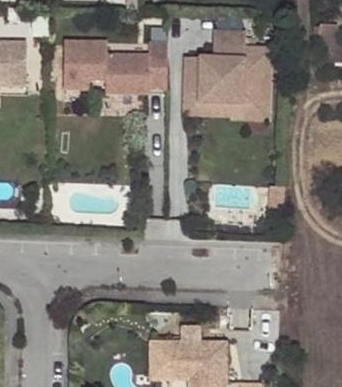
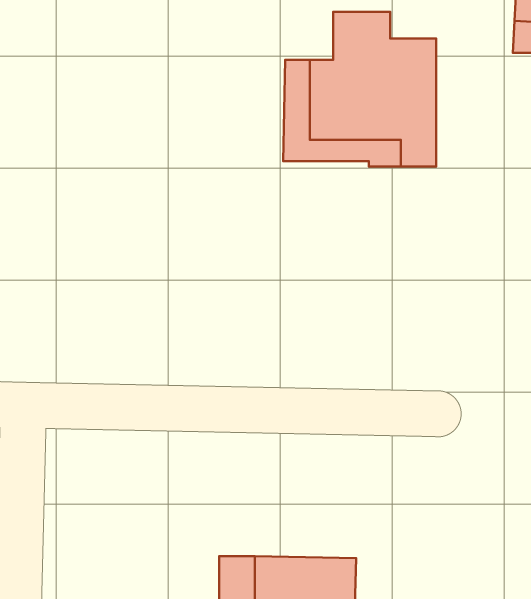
building: [65,37,169,91] -> none

